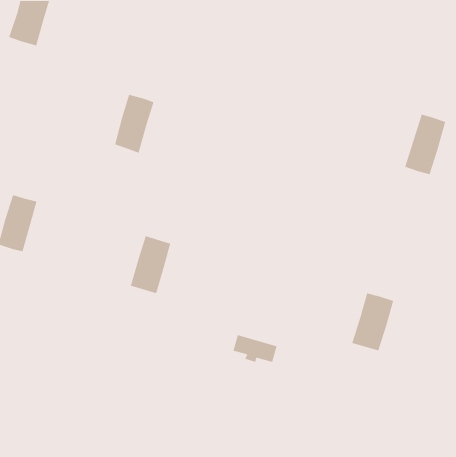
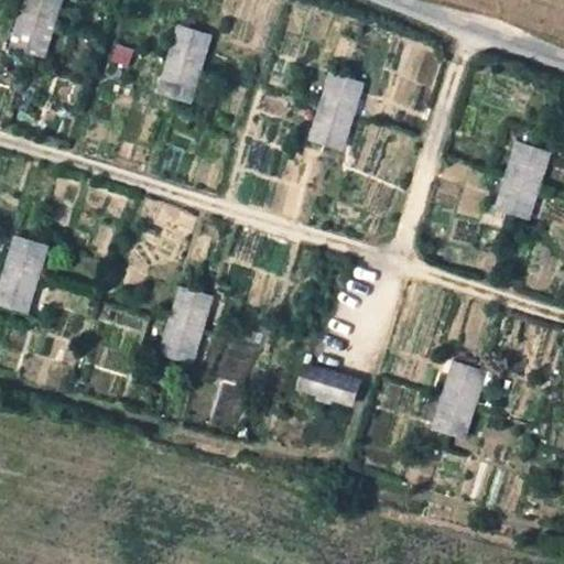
building: none -> [311,76,362,148]
building: [114,94,154,154] -> [159,29,208,102]
building: [233,334,277,363] -> [302,367,357,402]

